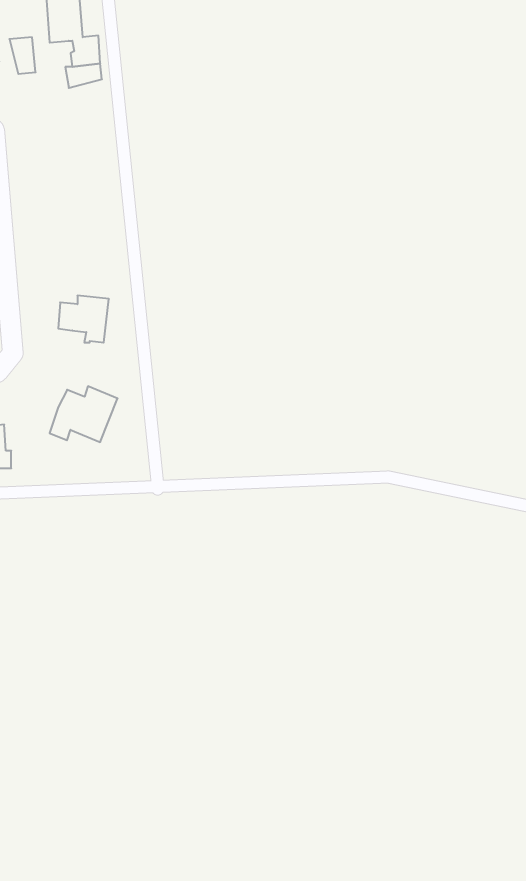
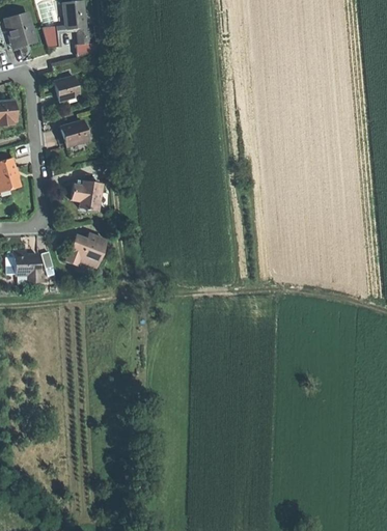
building: none -> [54,76,80,101]
building: none -> [62,120,89,147]

